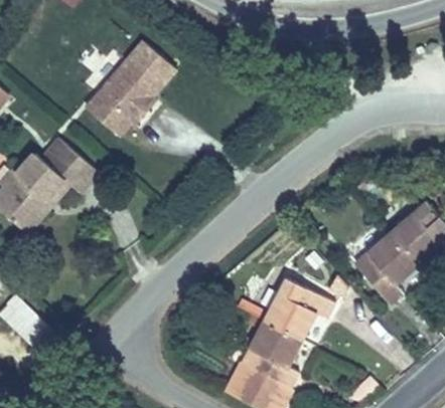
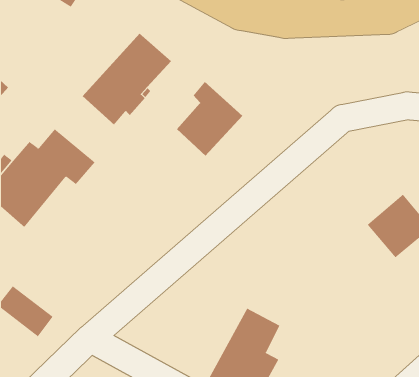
building: none -> [176,81,243,156]
building: [348,234,415,308] -> none
building: [262,278,332,338] -> none

